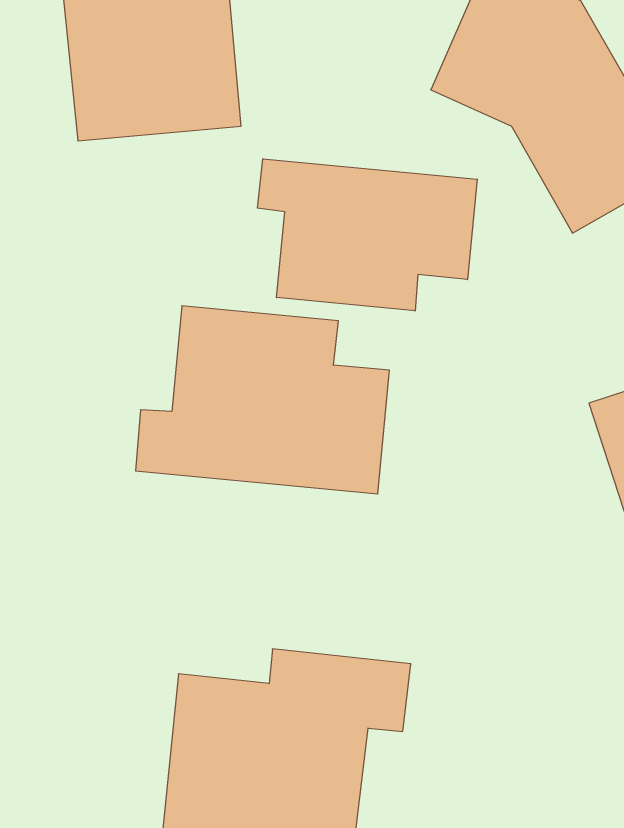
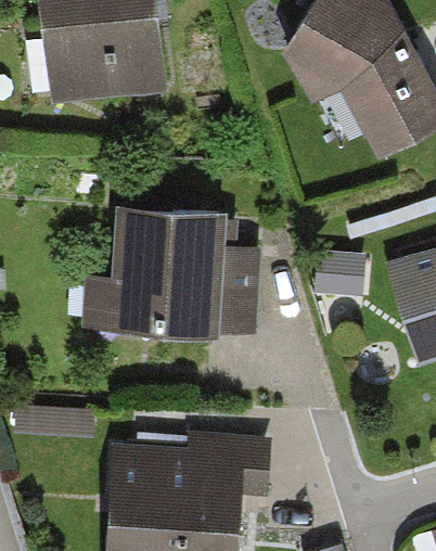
building: [257,159,477,311] -> none

